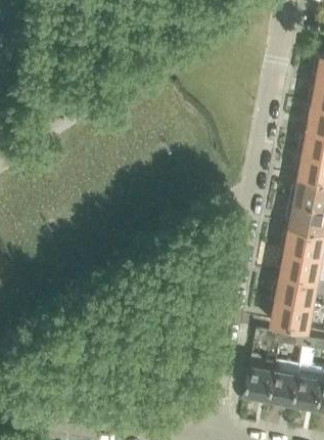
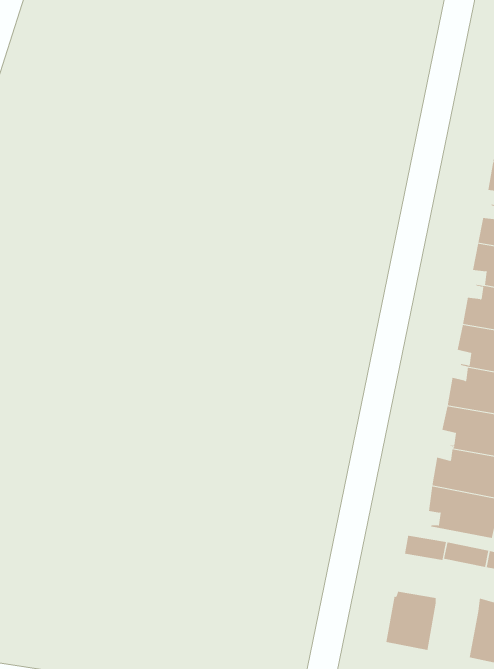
building: [268,370,297,403] -> none

